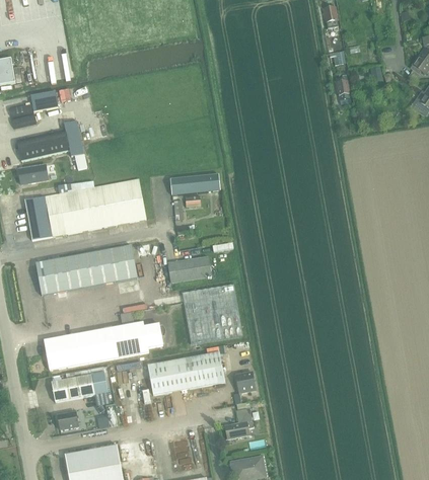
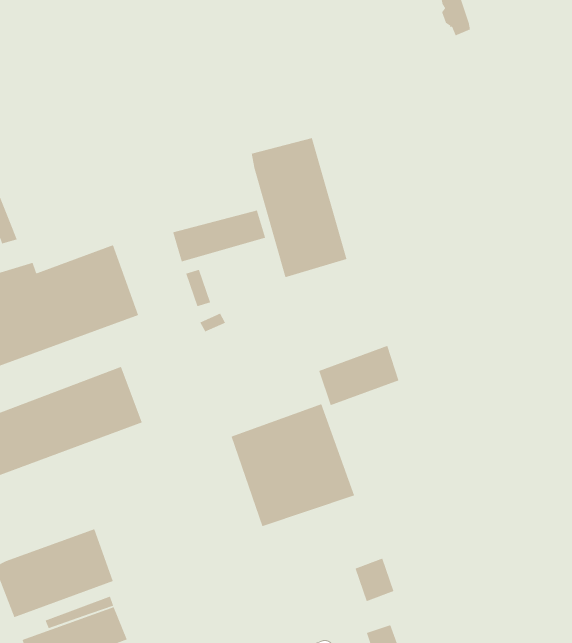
building: none -> [251,137,347,278]
building: [168,255,211,283] -> [318,345,400,406]
building: [101,311,162,358] -> none
building: [148,350,225,394] -> none

